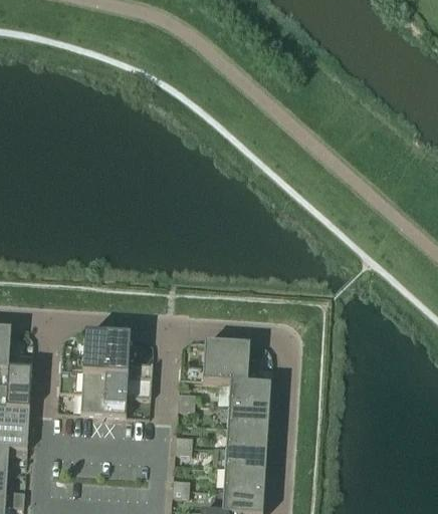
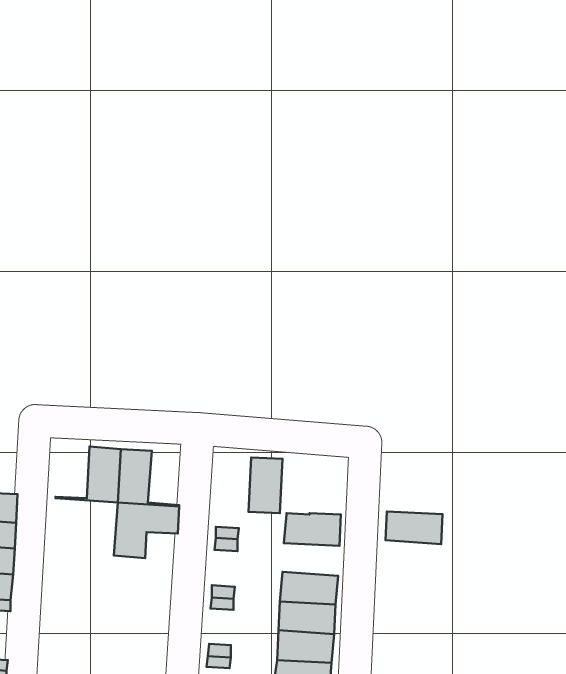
building: [225,342,250,383] -> none
building: [58,371,105,414] -> none
building: [227,405,269,429] -> [385,512,442,544]

